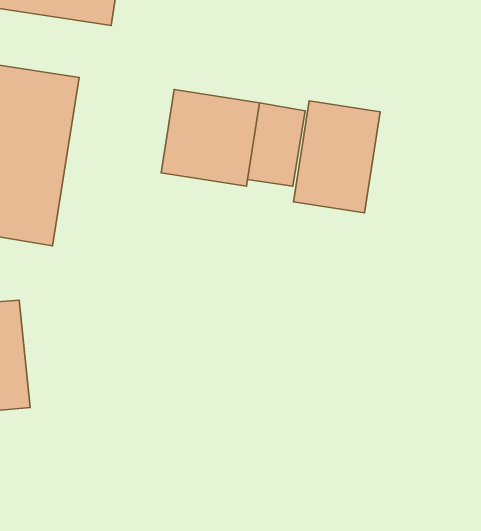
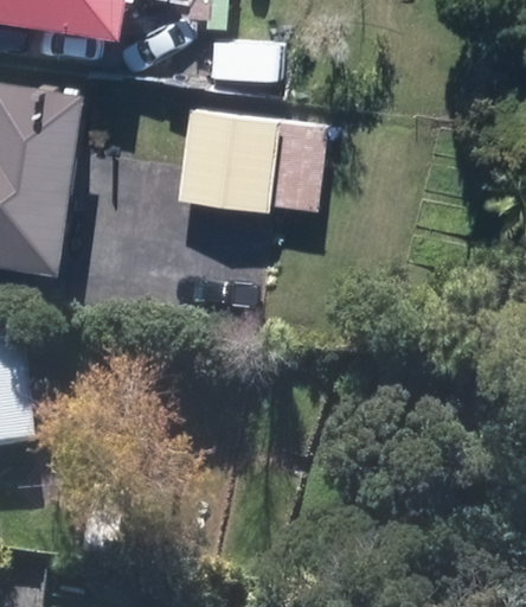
building: [294,101,380,213] -> none

